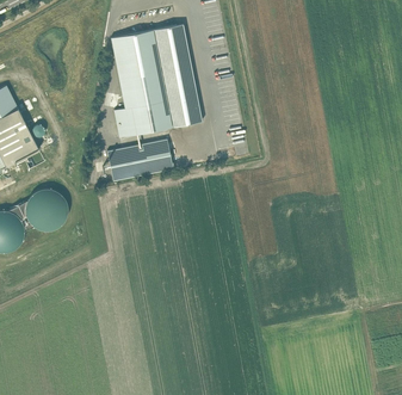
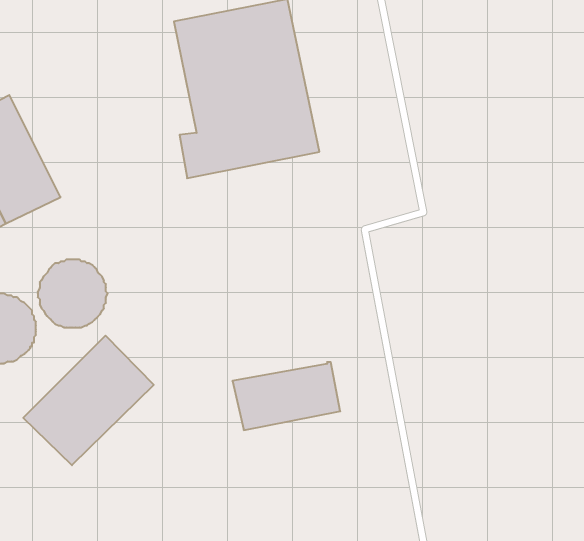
building: [106,138,174,181] -> [232,362,340,430]
building: none -> [23,336,154,465]

